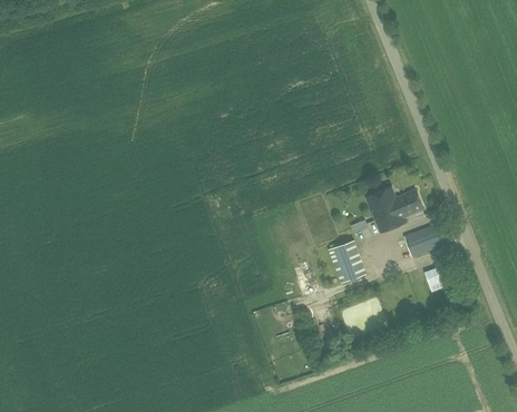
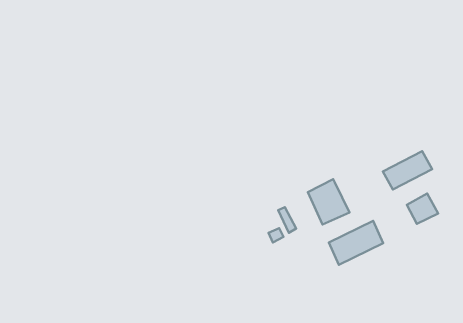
building: [364,186,423,234] -> none
building: none -> [329,221,383,265]

